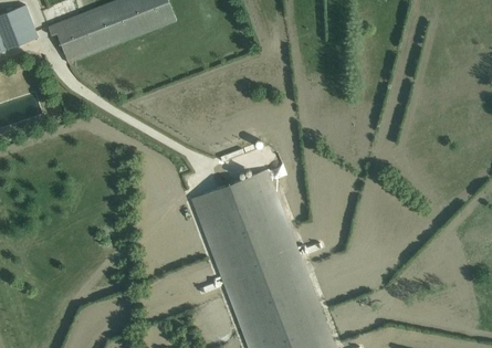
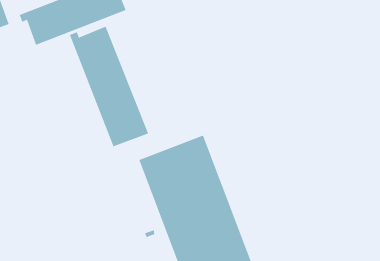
building: none -> [69,26,149,147]

